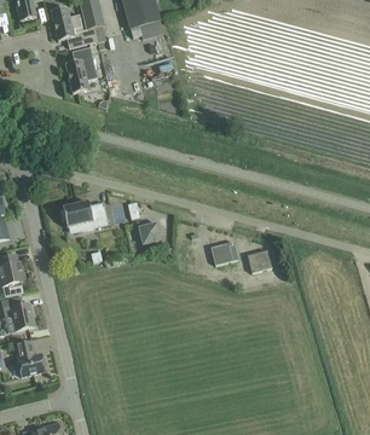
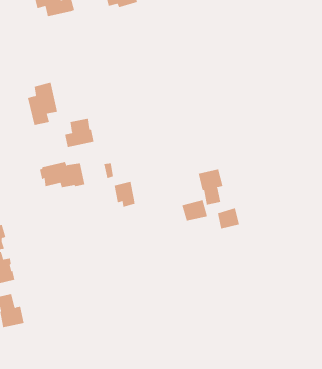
building: [64,46,97,92] -> [27,82,58,125]
building: none -> [65,118,94,148]
building: none -> [198,168,223,206]

